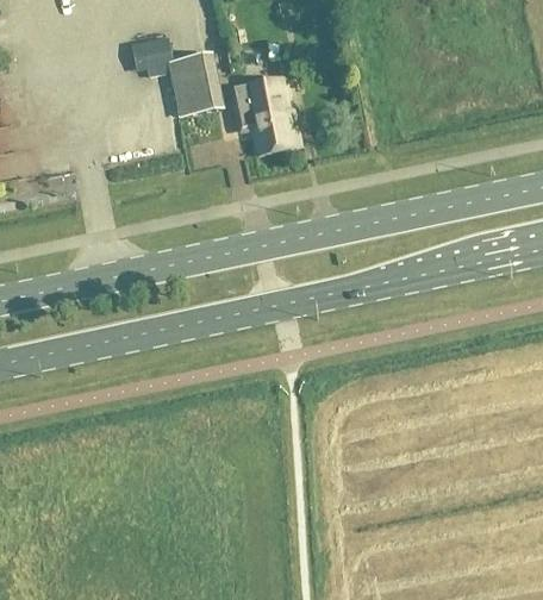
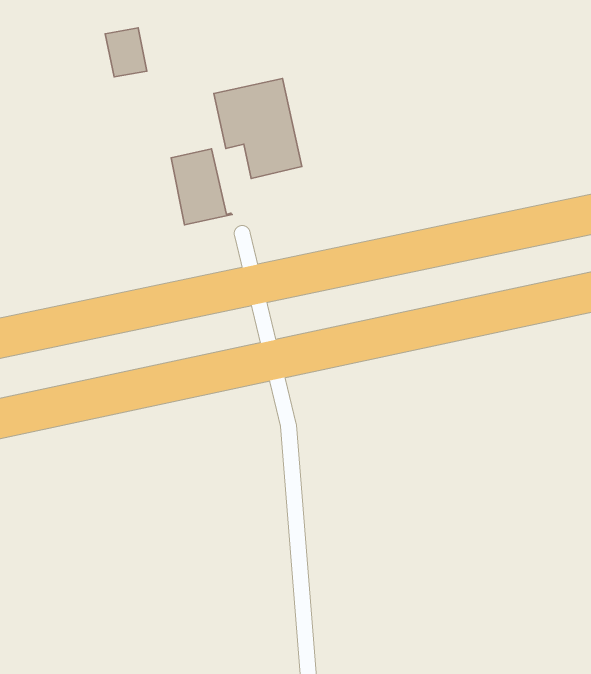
building: [171,52,220,113] -> [171,149,232,225]

